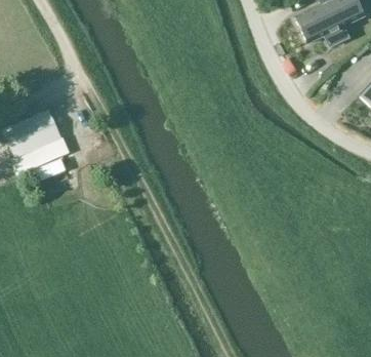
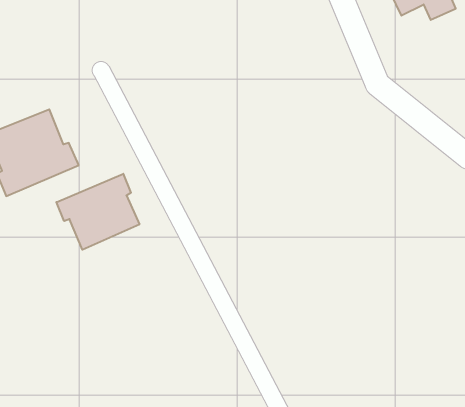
building: none -> [56,174,139,250]

